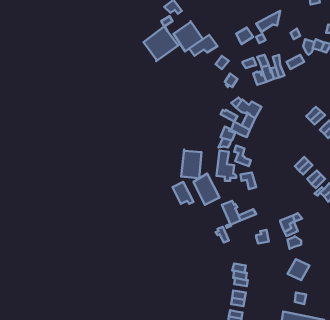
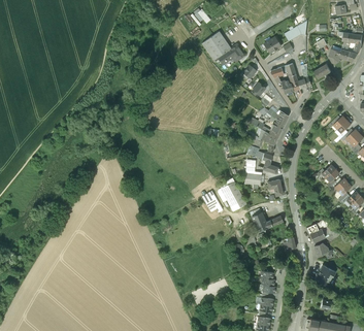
building: [144,26,178,61] -> none
building: [181,150,201,178] -> none

